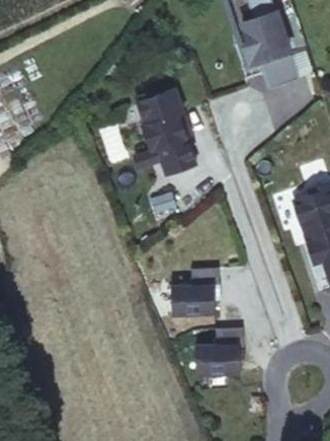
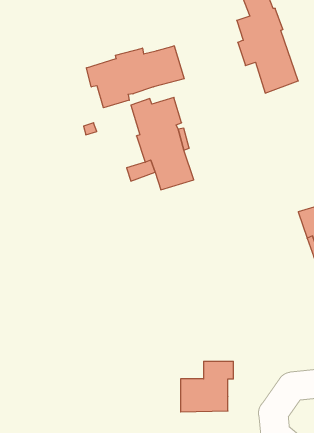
building: none -> [86,46,184,108]
building: [163,276,212,322] -> none

